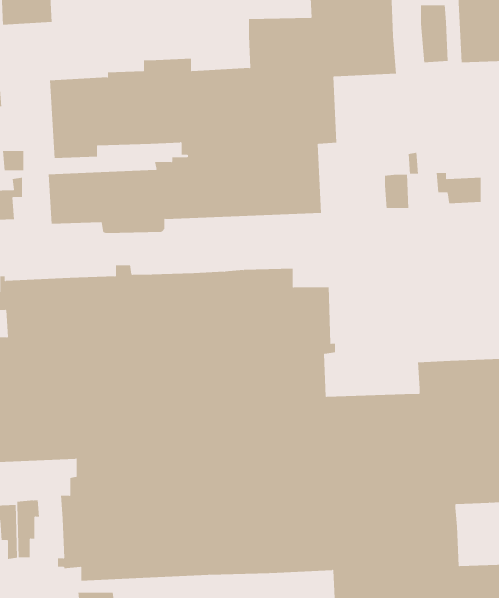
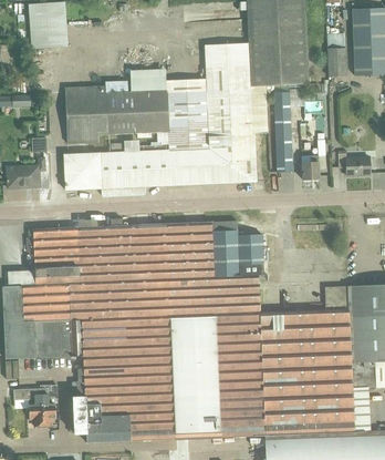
building: none -> [273,91,292,172]

